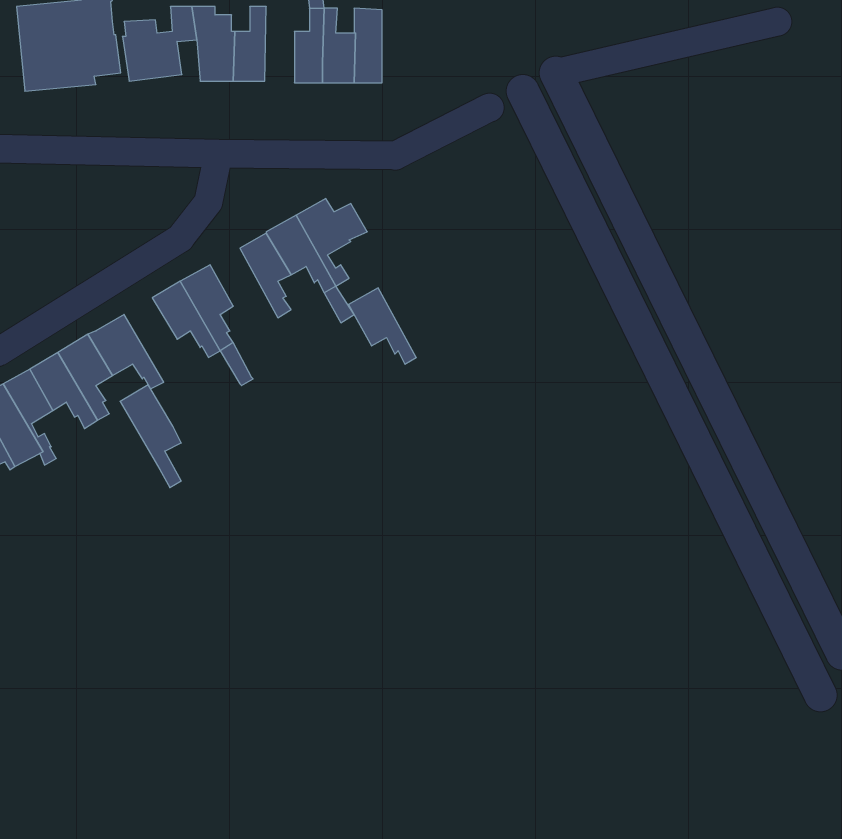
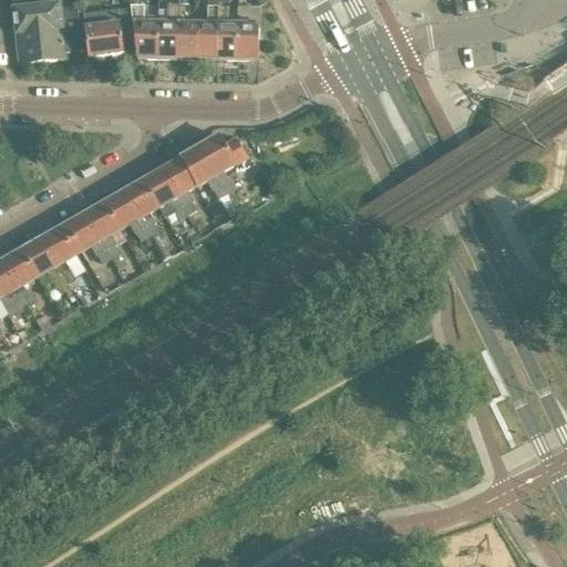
building: none -> [177,4,197,55]
building: [348,288,416,364] -> [141,166,186,217]
building: [120,385,181,488] -> [83,199,124,268]

